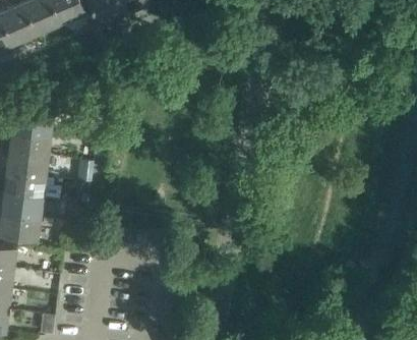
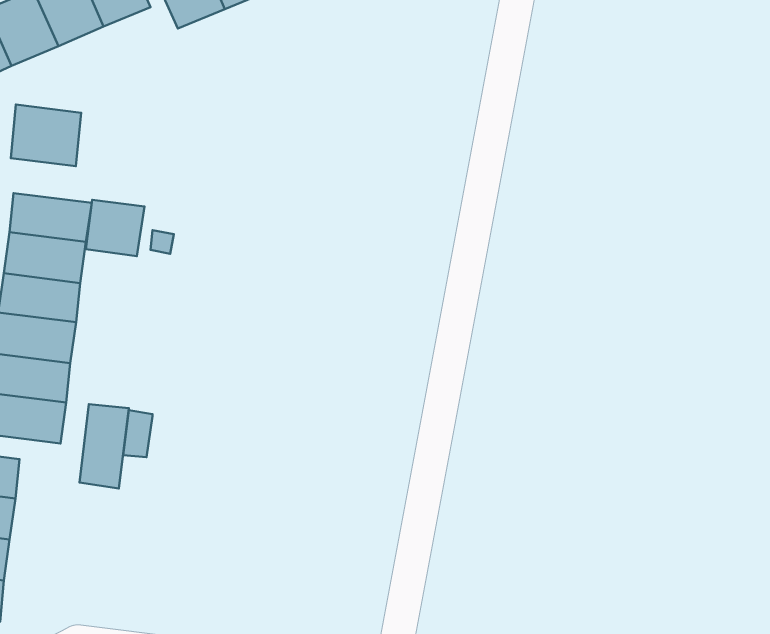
building: none -> [11,105,81,166]
building: none -> [86,200,144,256]
building: none -> [79,404,129,488]

